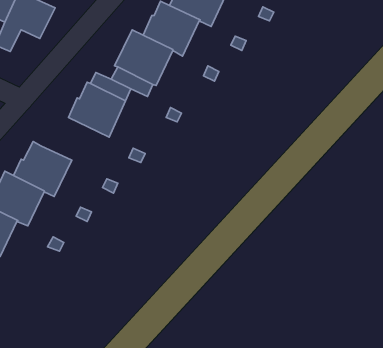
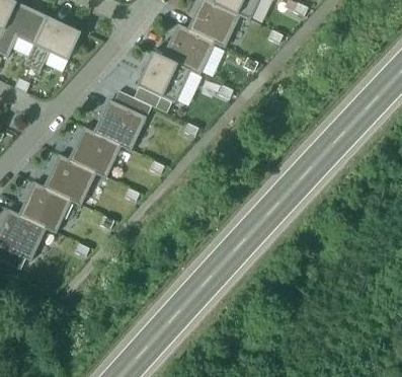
building: none -> [68,128,120,176]

